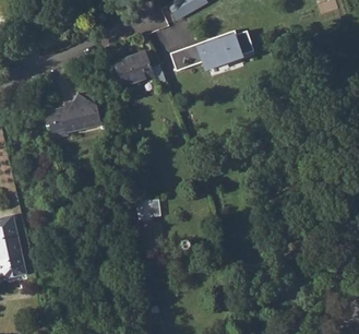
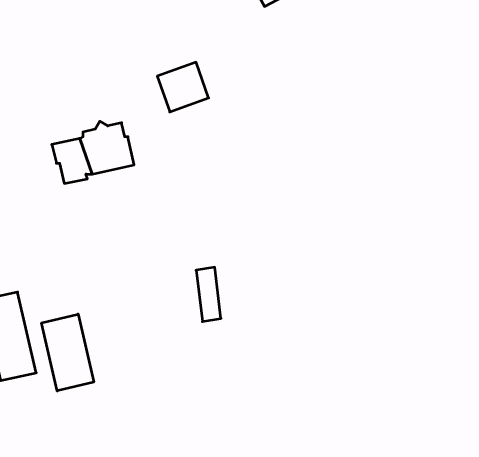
building: [171,31,254,70] -> none
building: none -> [42,314,94,391]

